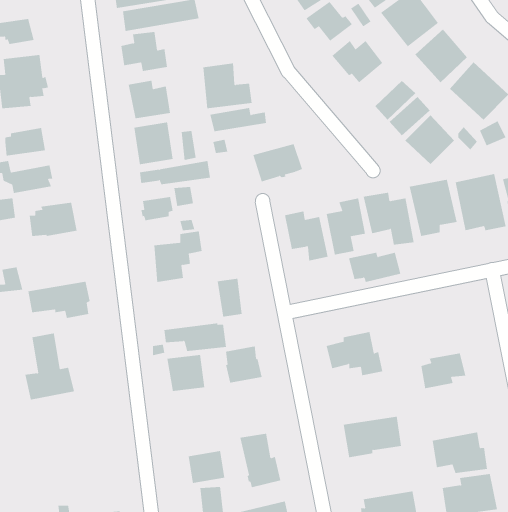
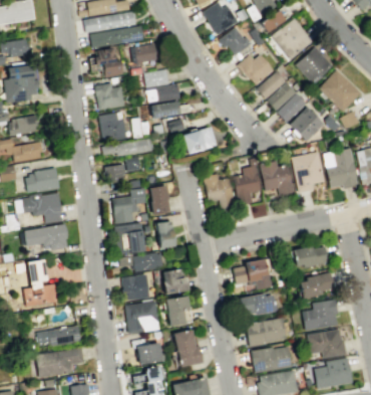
building: none -> [133,44,160,65]
building: none -> [258,71,287,100]
building: none -> [150,185,171,215]
building: none -> [23,192,63,224]
building: [348,252,401,282] -> [293,246,330,267]
building: none -> [115,223,145,254]
building: none -> [240,293,276,317]
building: none -> [166,295,193,326]
building: none -> [303,299,339,331]
building: none -> [126,302,160,333]
building: none -> [37,326,81,346]
building: none -> [252,347,293,373]
building: none -> [36,348,84,378]

